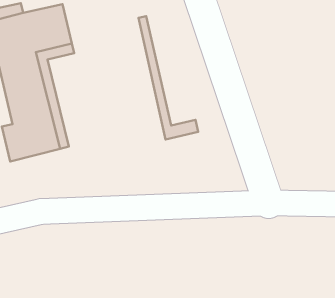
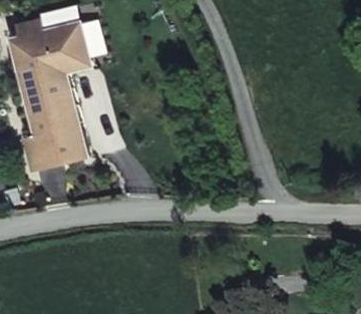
building: [138,16,198,140] -> none

